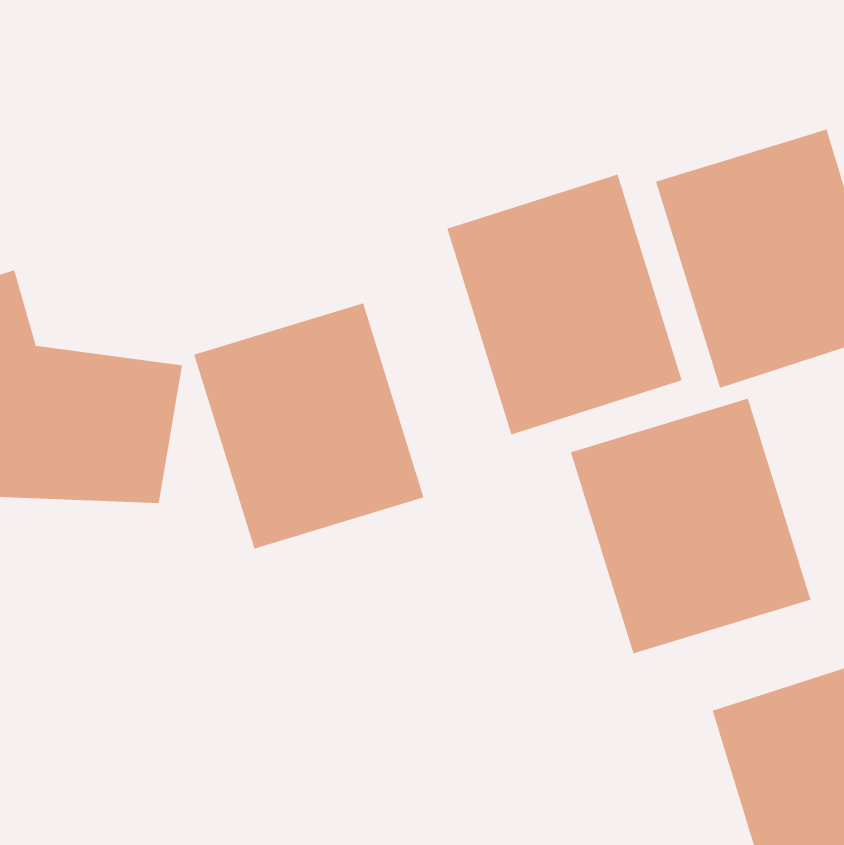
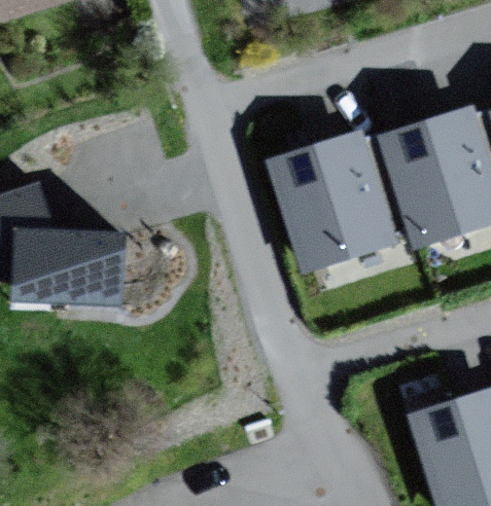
building: [193,302,424,550] -> none
building: [570,398,811,654] -> none

